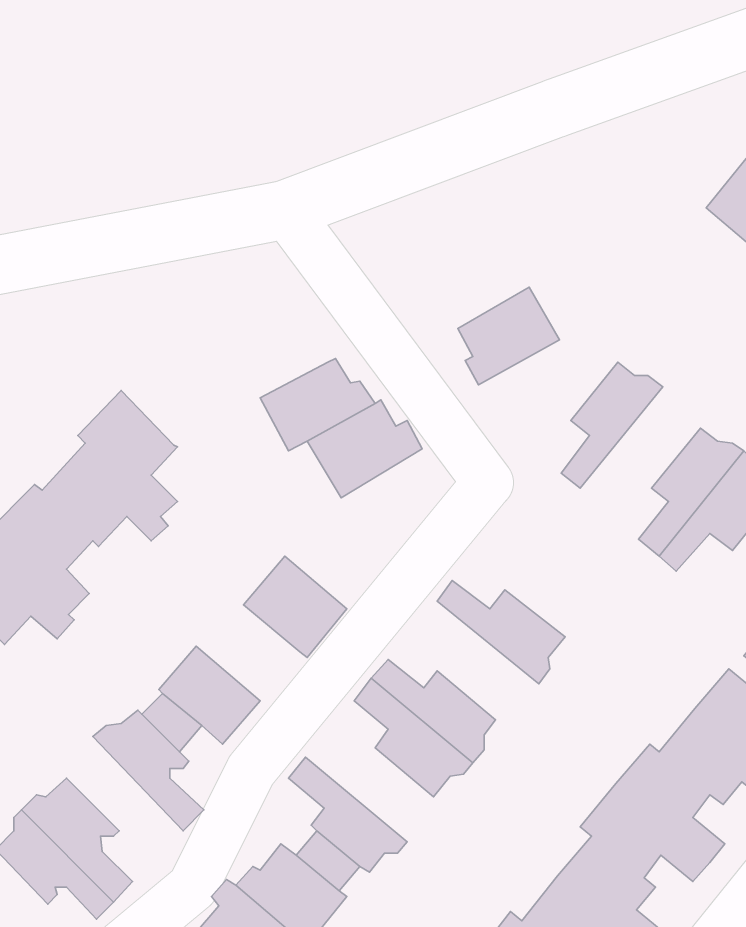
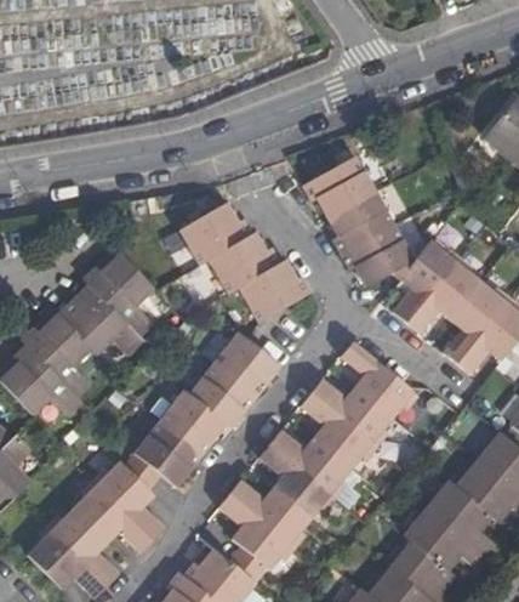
building: none -> [303,155,372,215]
building: none -> [171,205,243,266]
building: none -> [340,222,411,284]
building: none -> [405,252,483,329]
building: none -> [215,331,280,396]
building: none -> [343,340,420,414]
building: none -> [158,388,224,455]
building: none -> [301,391,378,467]
building: none -> [74,478,149,550]
building: none -> [228,478,310,546]

